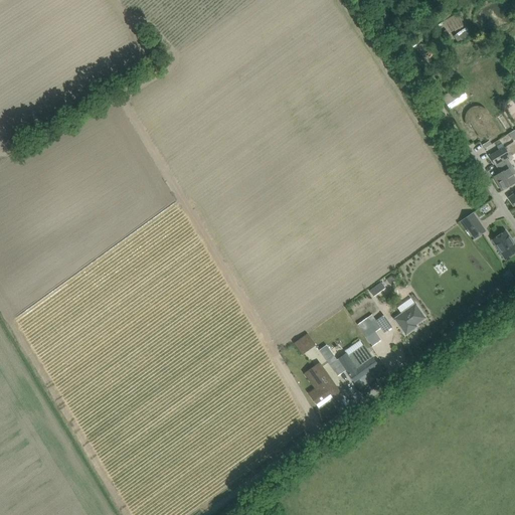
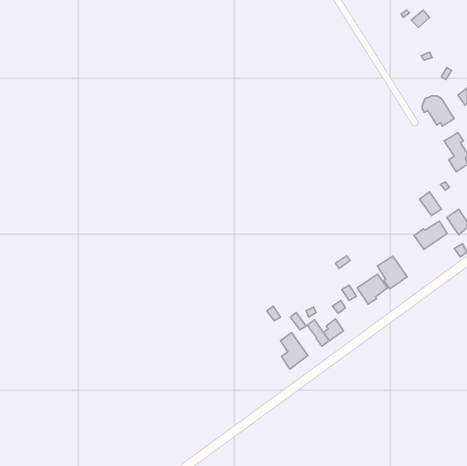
building: none -> [414,221,447,249]
building: none -> [378,256,407,289]

